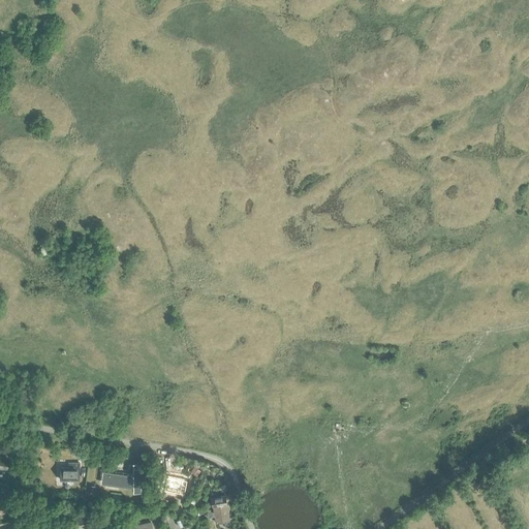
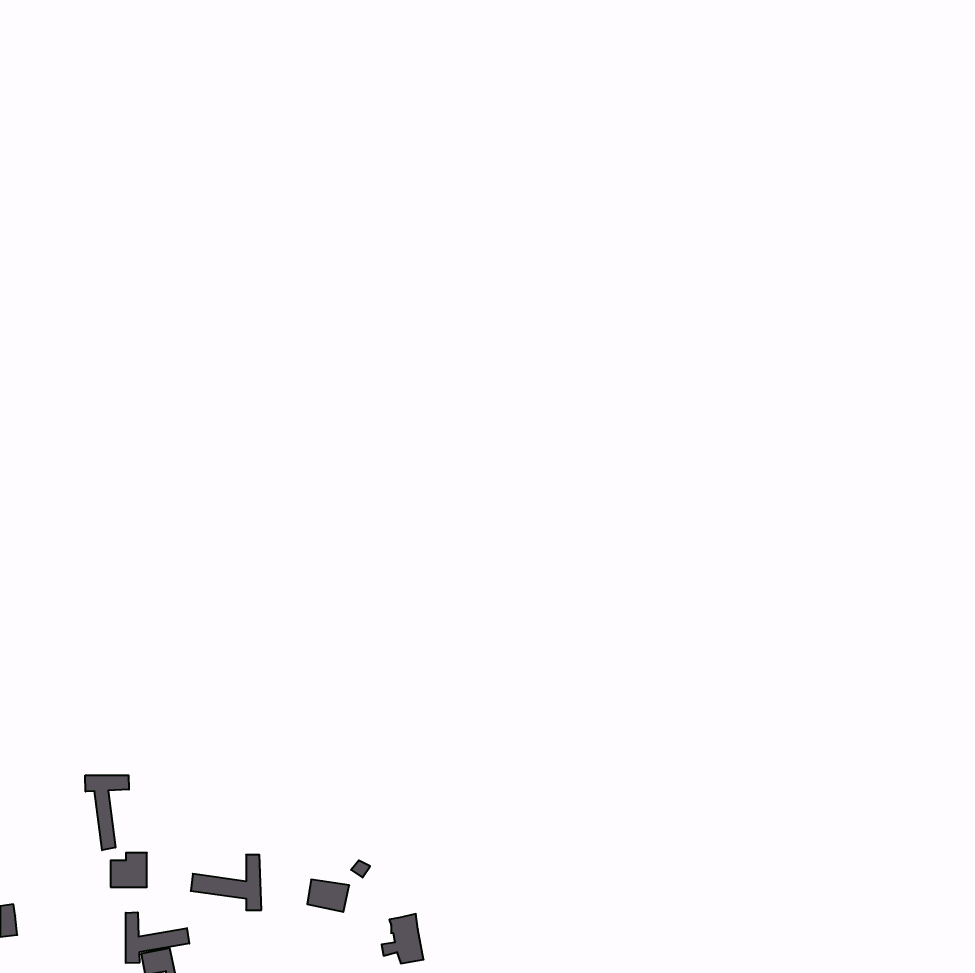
building: none -> [85,775,129,850]
building: none -> [126,912,189,963]

